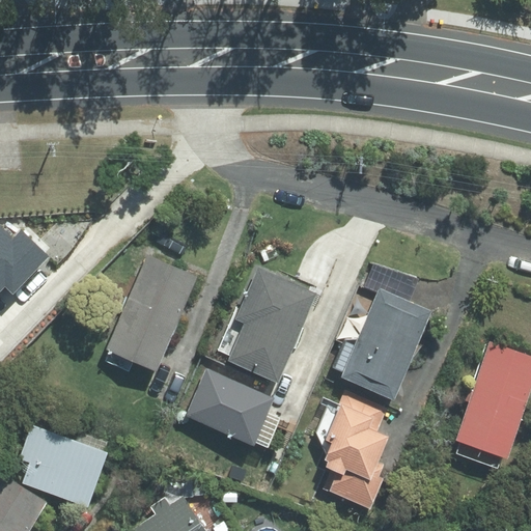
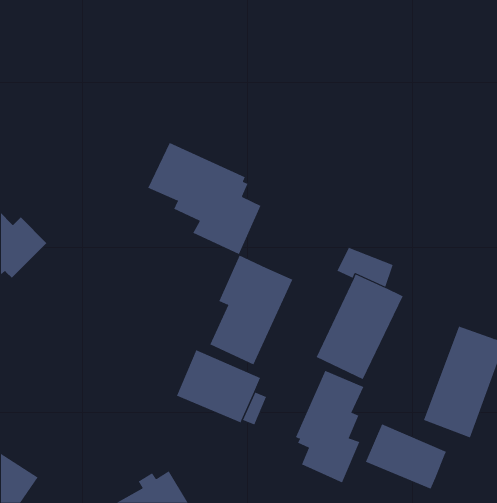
building: none -> [148,142,261,255]
building: [104,255,196,373] -> none
building: [20,425,106,507] -> none
building: none -> [365,423,447,490]

